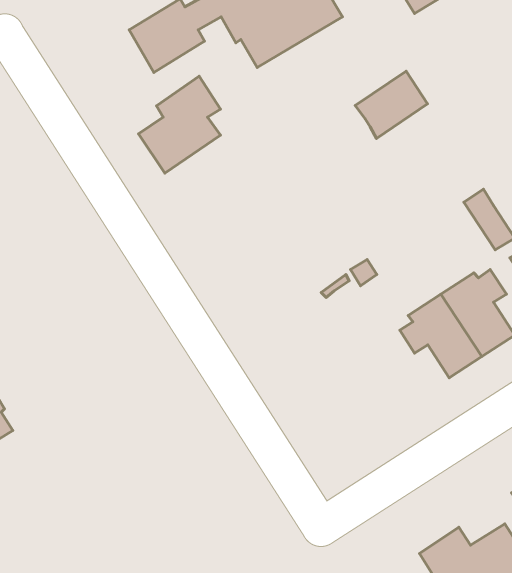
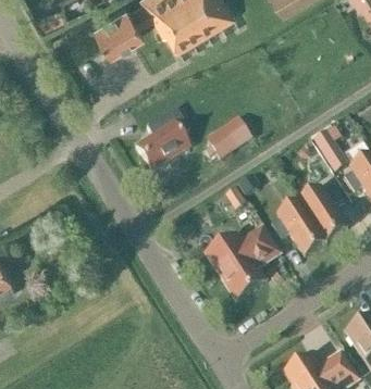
building: [355,71,427,138] -> [205,116,252,161]
building: [139,76,221,173] -> [134,109,188,173]
building: none -> [209,227,281,301]

